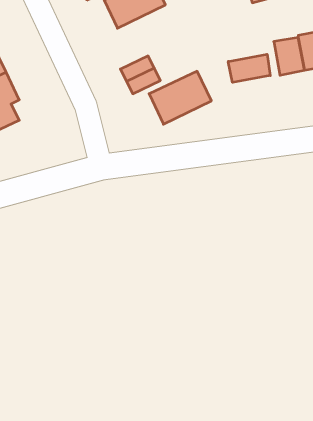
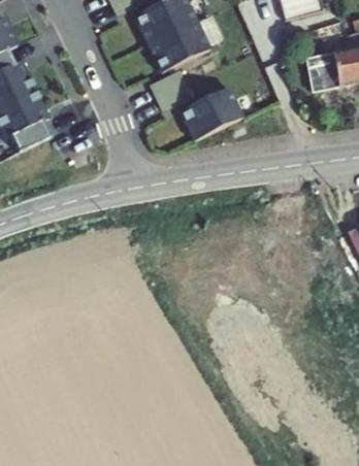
building: none -> [149,19,210,70]
building: [228,54,270,82] -> none

